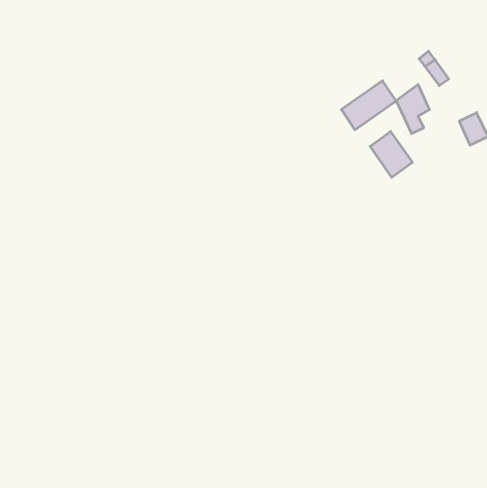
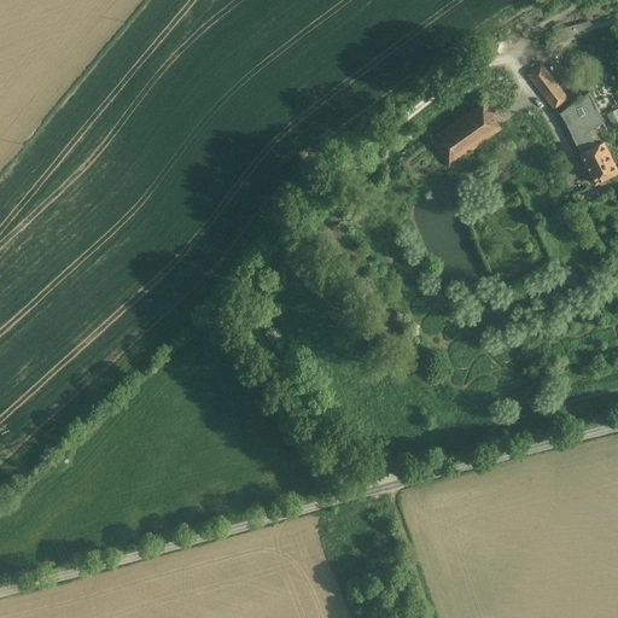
building: [396,85,430,134] -> [561,92,604,153]
building: [370,131,412,177] -> none

